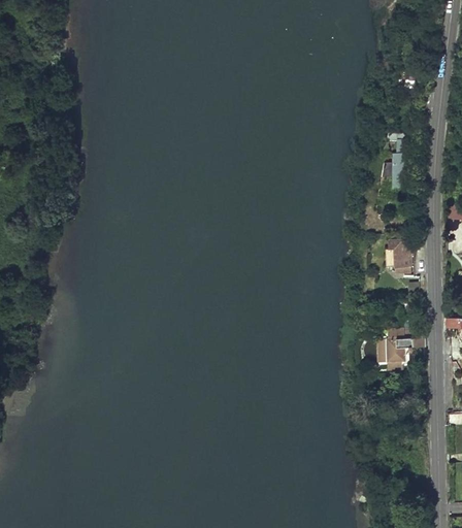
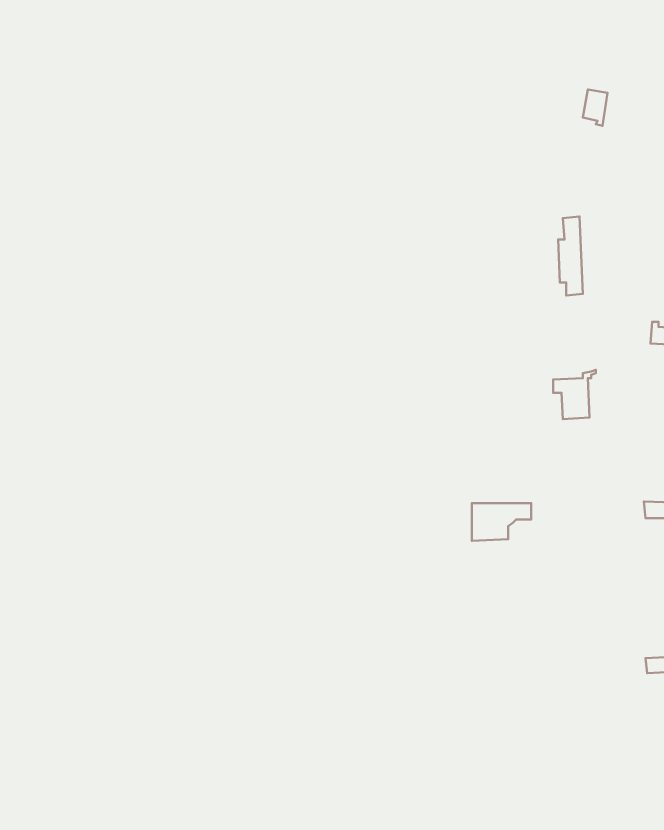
building: [385,339,422,363] -> [472,503,531,541]

